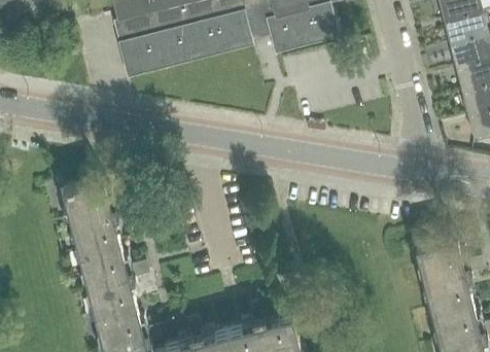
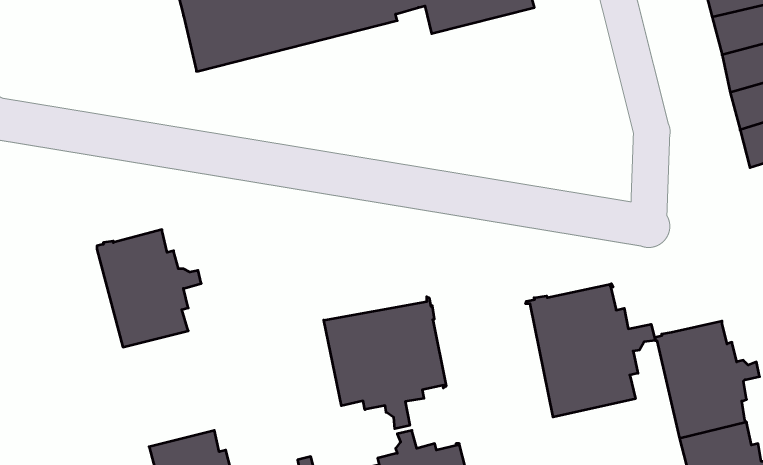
building: none -> [526,284,655,417]
building: none -> [324,297,446,429]
building: [80,242,146,315] -> none

